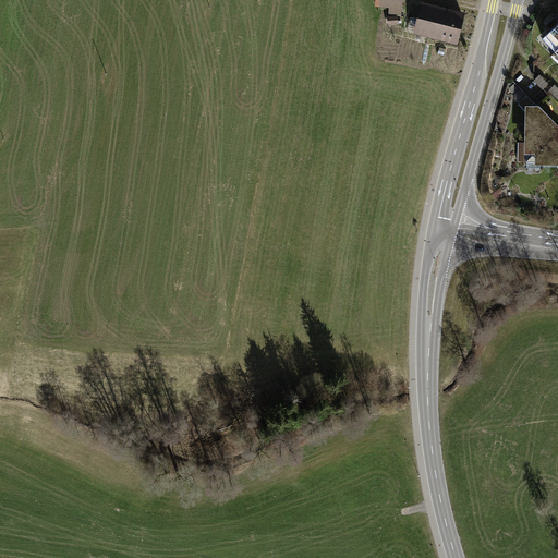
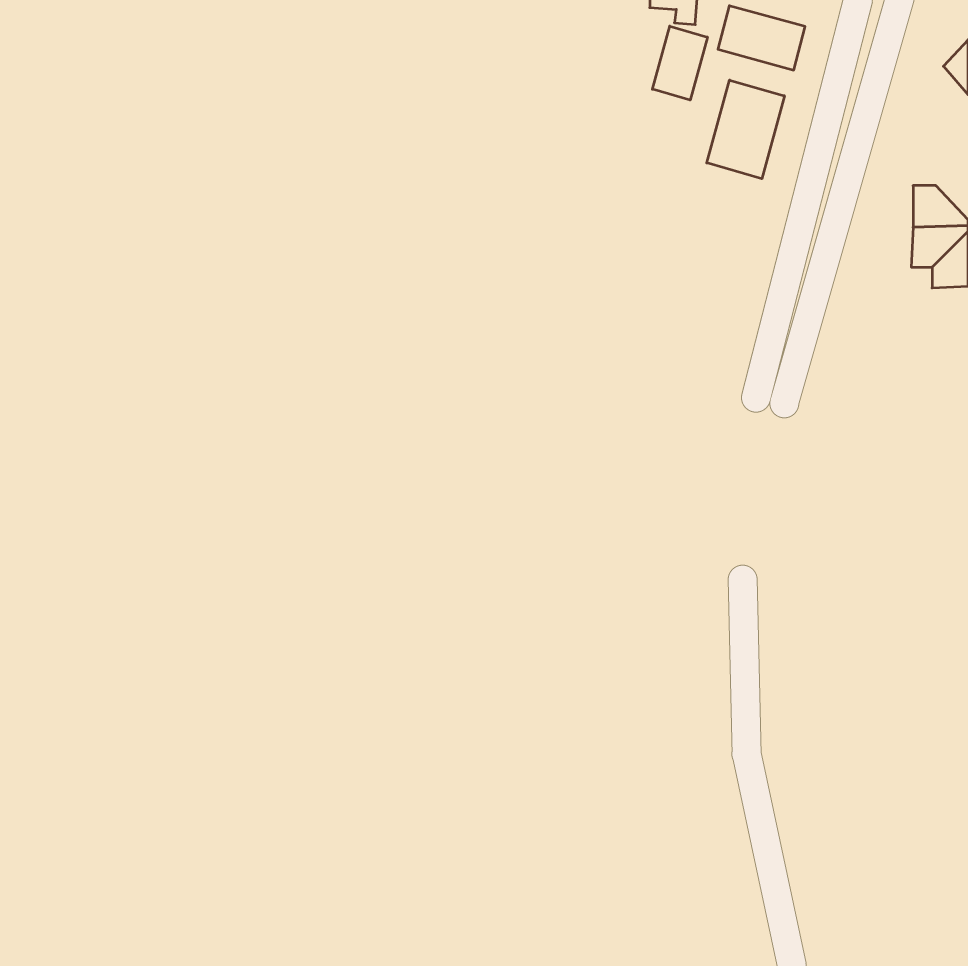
building: none -> [652,26,707,100]
building: none -> [707,80,784,179]

